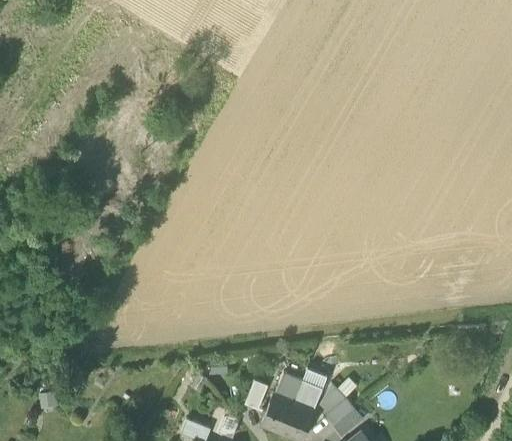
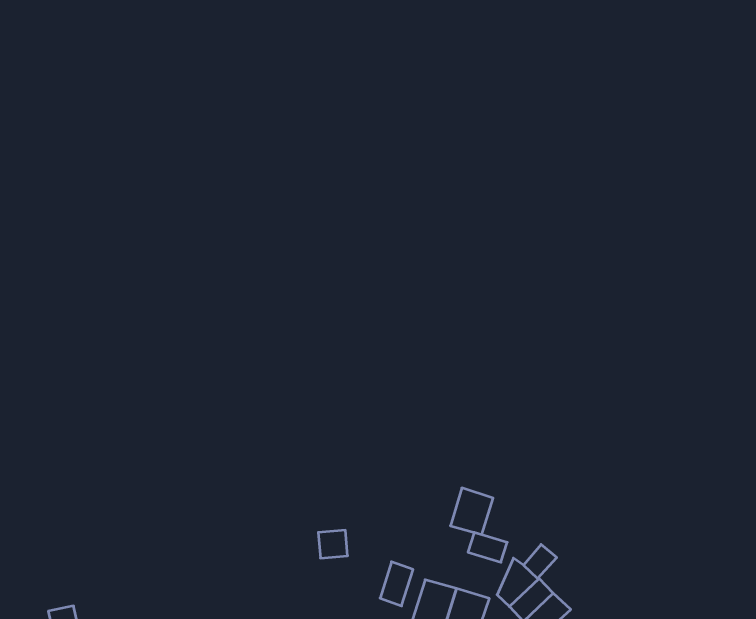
building: [275,372,303,402] -> [450,488,493,534]

